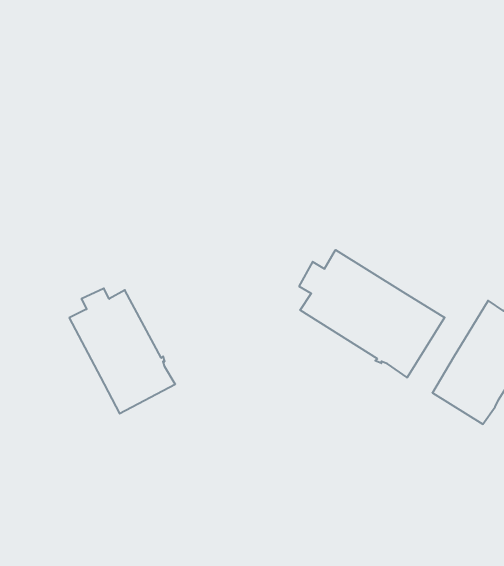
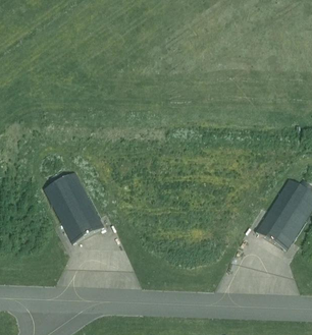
building: [299,250,445,378] -> none

